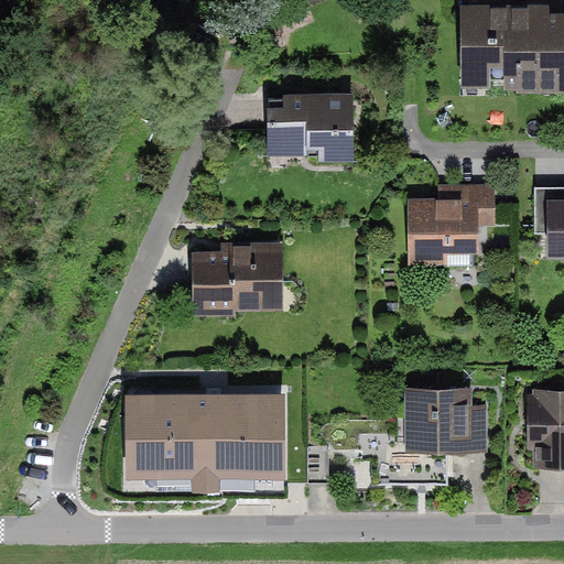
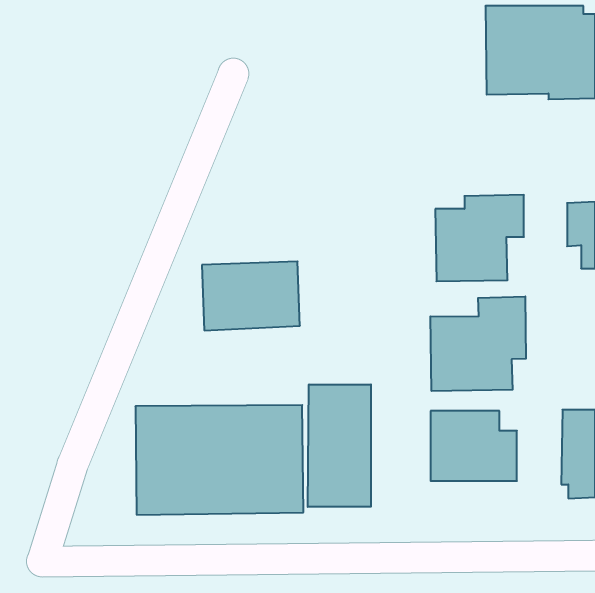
building: [265,93,355,162] -> none
building: none -> [430,296,526,391]
building: none -> [308,384,371,507]

